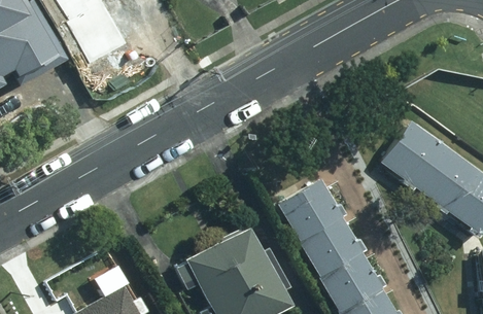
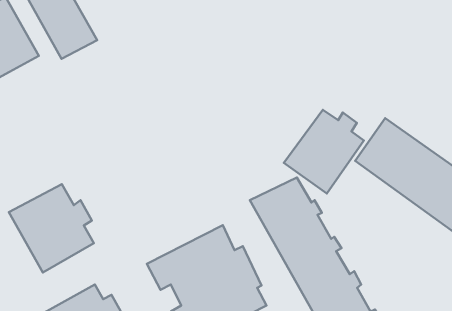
building: none -> [284,110,364,193]
building: none -> [9,184,94,272]

